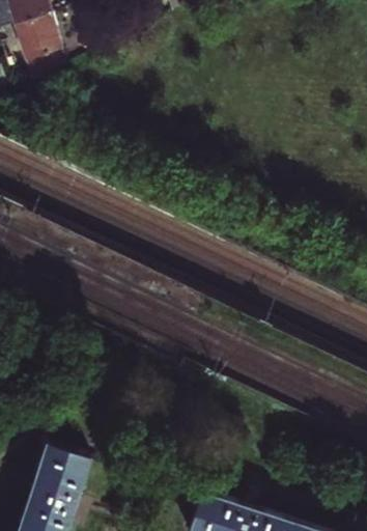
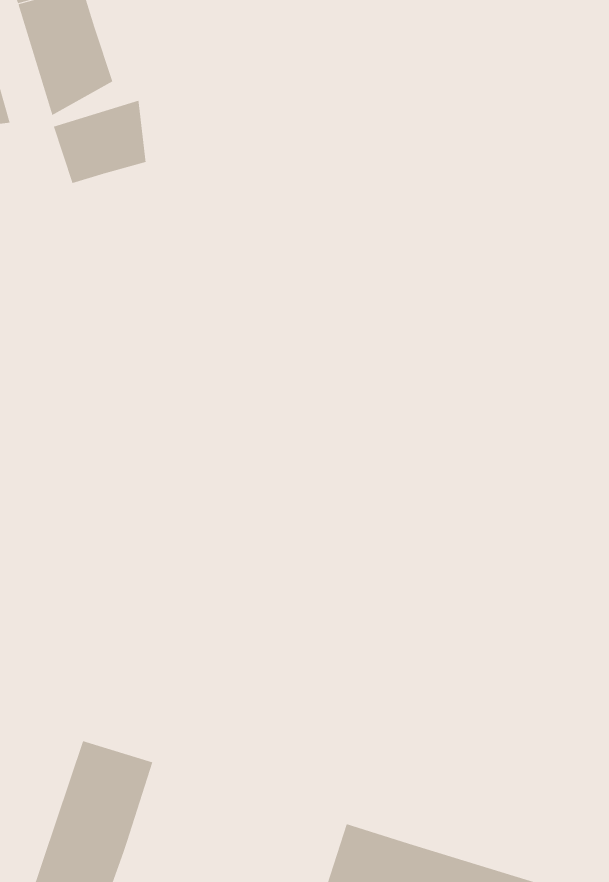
building: none -> [53,100,146,184]

